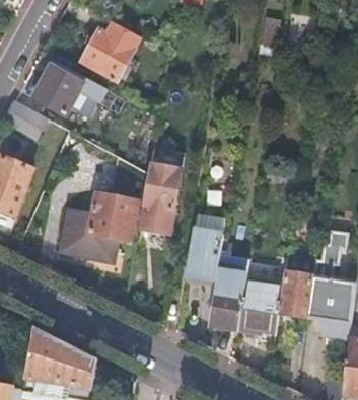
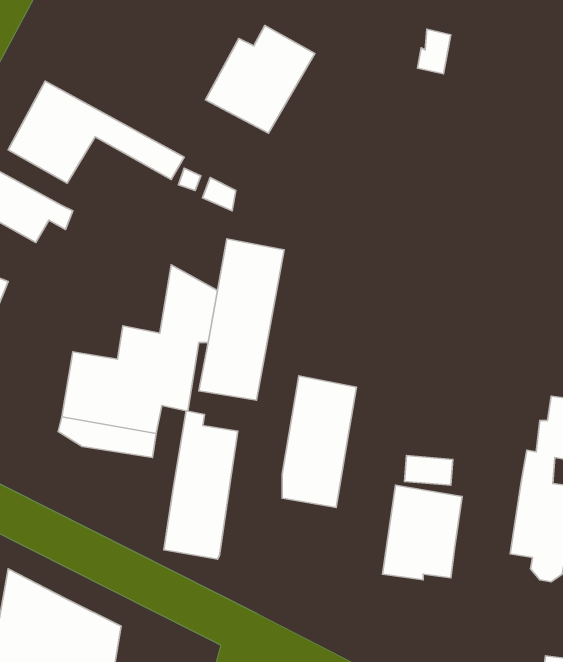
building: [81,22,141,81] -> [206,26,315,133]
building: [208,250,248,331] -> [164,411,238,559]
building: [278,273,314,318] -> none

